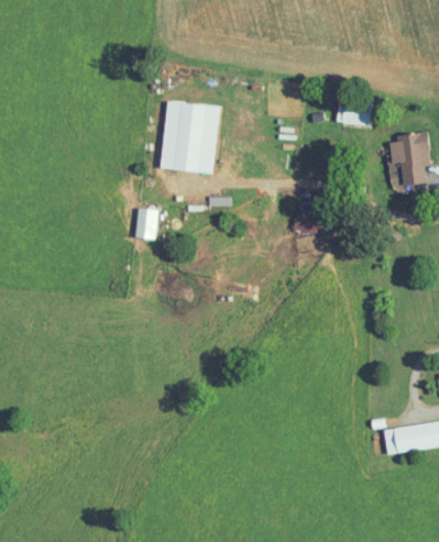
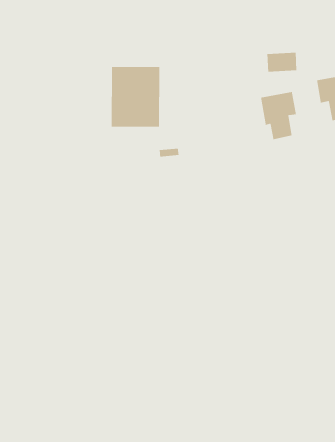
building: none -> [260,91,297,140]
building: [133,207,158,240] -> none

